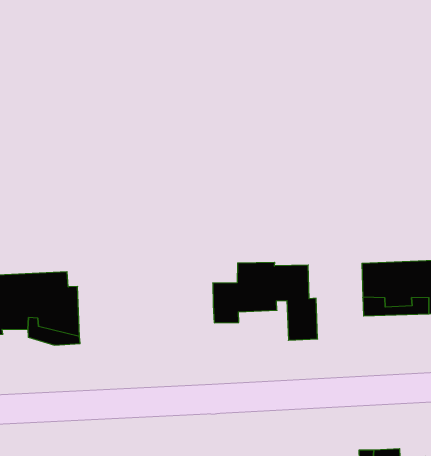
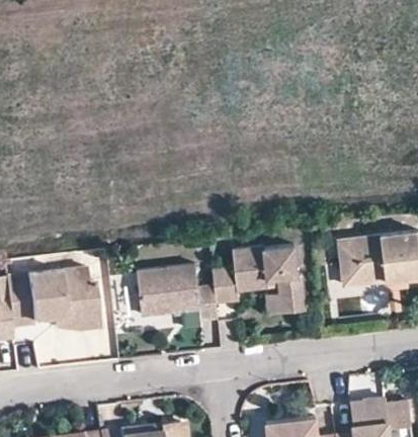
building: none -> [138,264,217,328]

